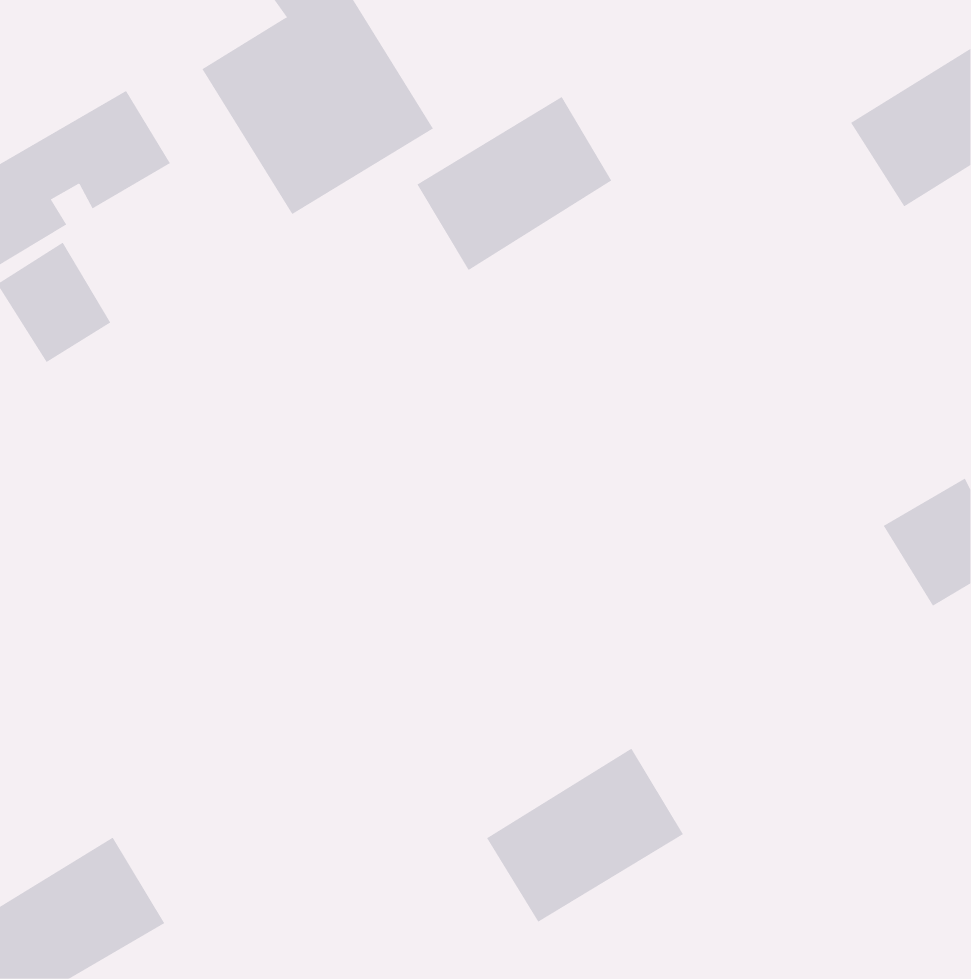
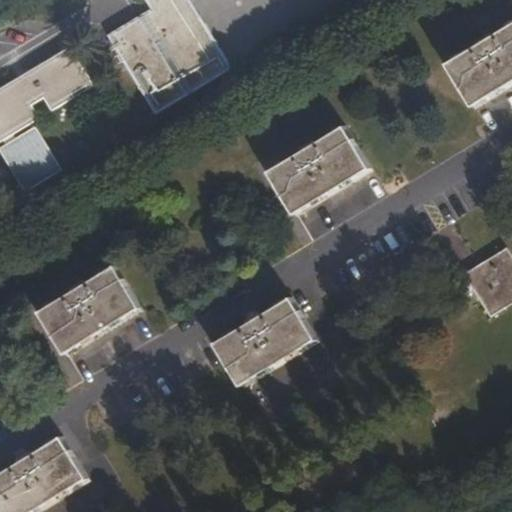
building: [416,96,612,271] -> [266,126,368,217]
building: none -> [36,264,139,356]
building: [486,748,684,923] -> [212,297,315,388]

